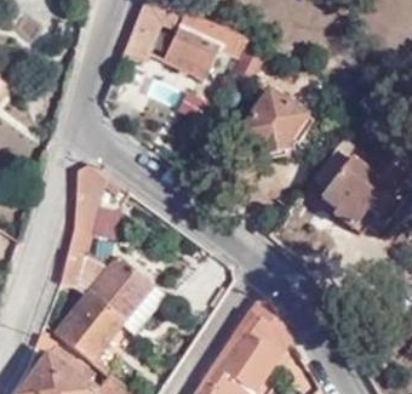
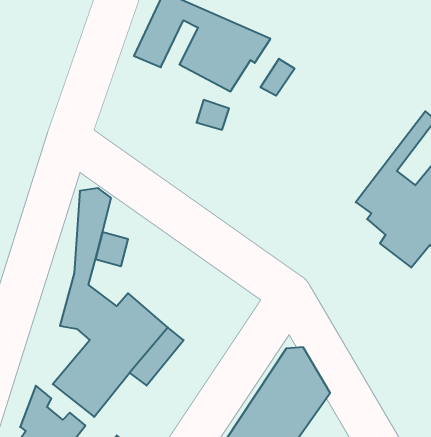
building: [236,90,304,159] -> none

